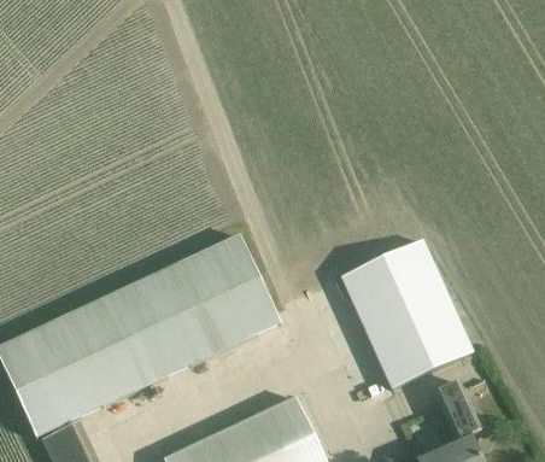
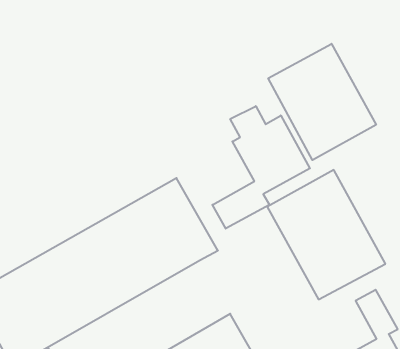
building: none -> [268,44,376,160]
building: none -> [212,106,310,229]

